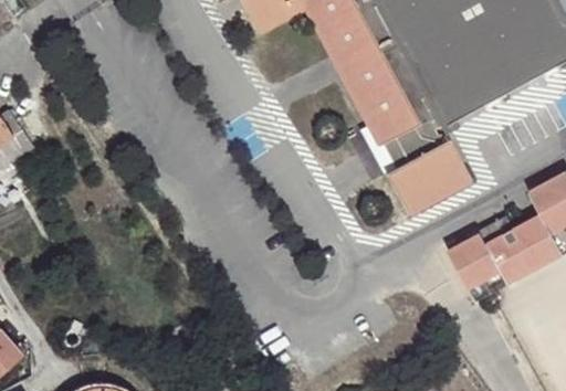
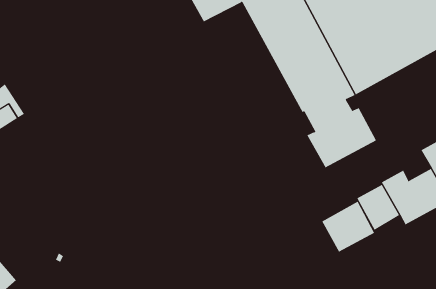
building: none -> [321,201,375,253]

